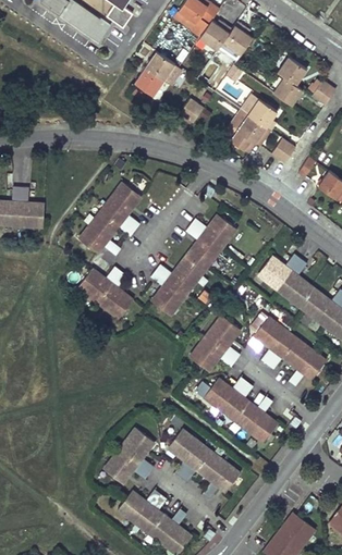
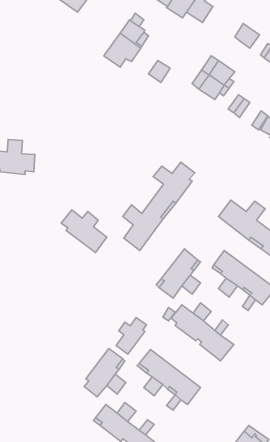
building: [273,76,303,104] -> none
building: [76,182,139,256] -> none
building: none -> [116,317,147,354]

